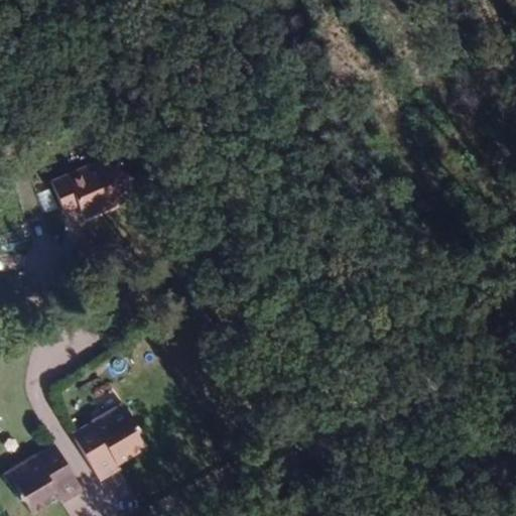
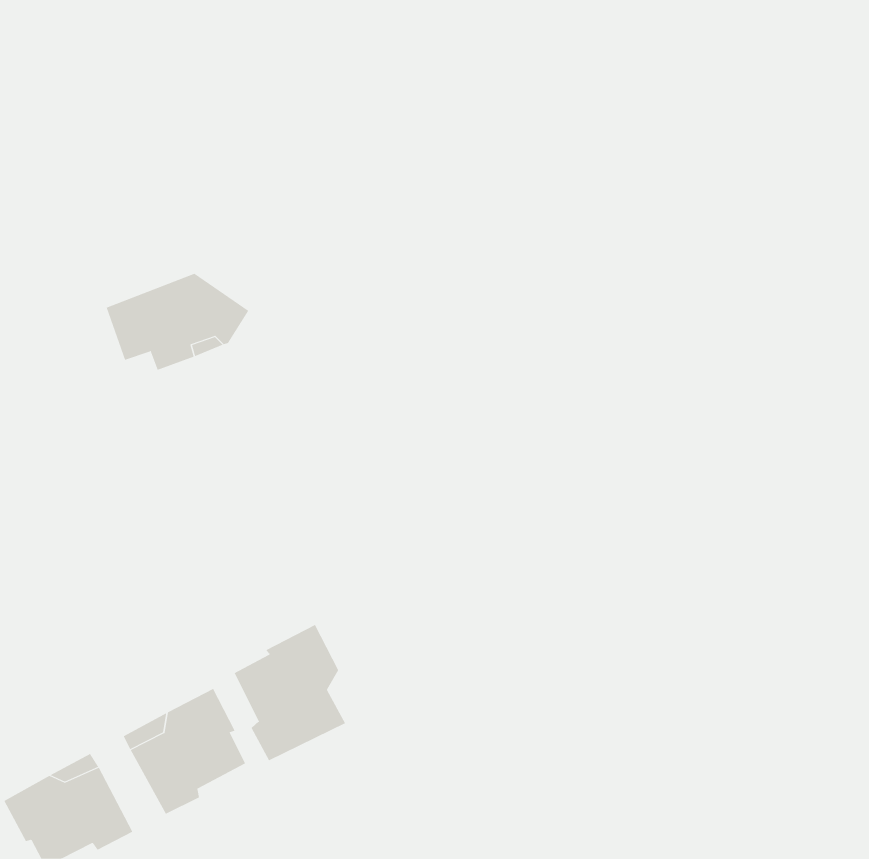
building: none -> [234,624,346,761]

